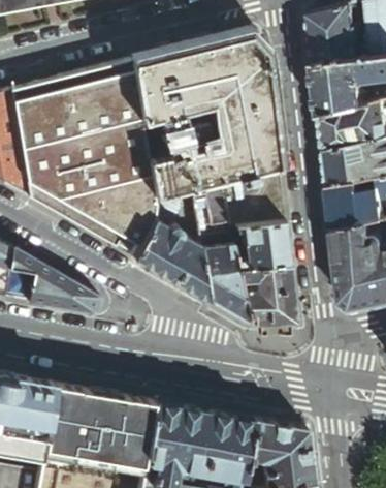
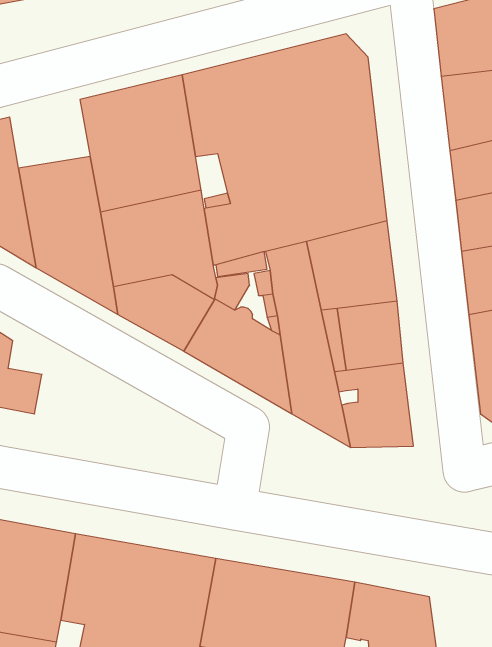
building: [10,79,67,127] -> none
building: [9,249,100,312] -> none

